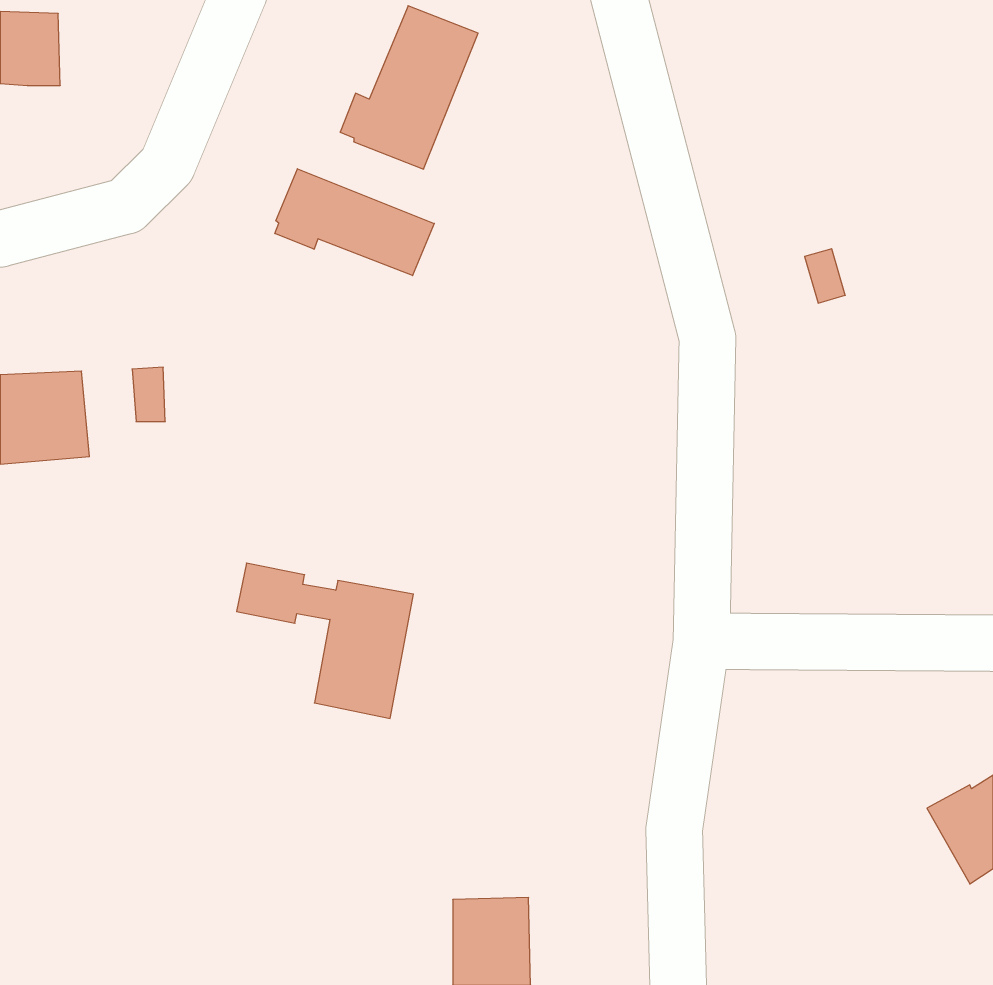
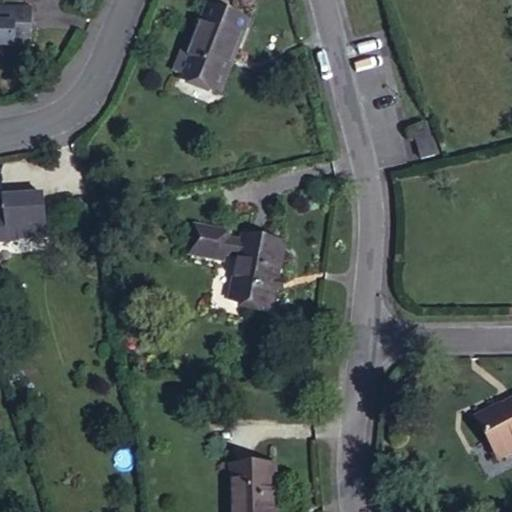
building: [275,169,434,276] -> none
building: [237,563,413,718] -> [191,226,282,306]

